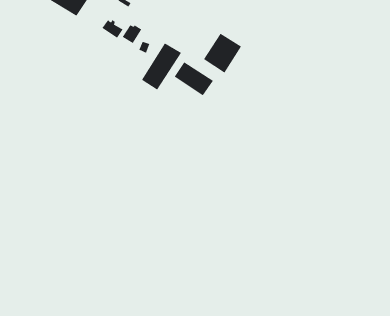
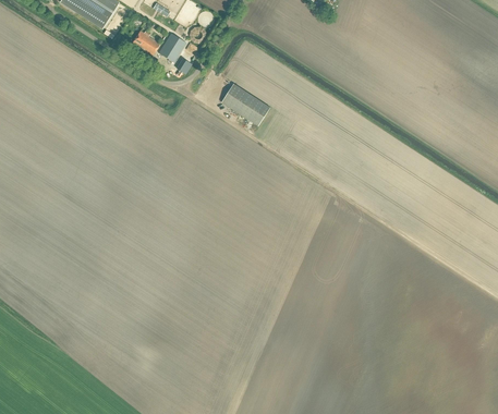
building: [203,33,242,73] -> none
building: [141,43,182,90] -> none

